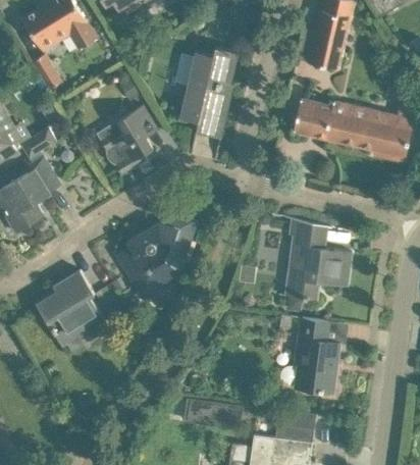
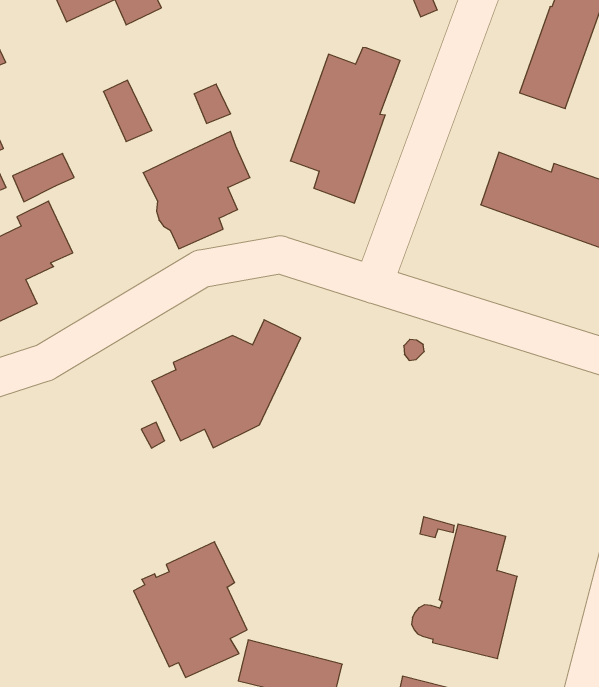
building: [32,54,62,90] -> [103,80,152,142]
building: [288,218,351,308] -> none
building: [36,270,104,351] -> [134,542,247,677]

